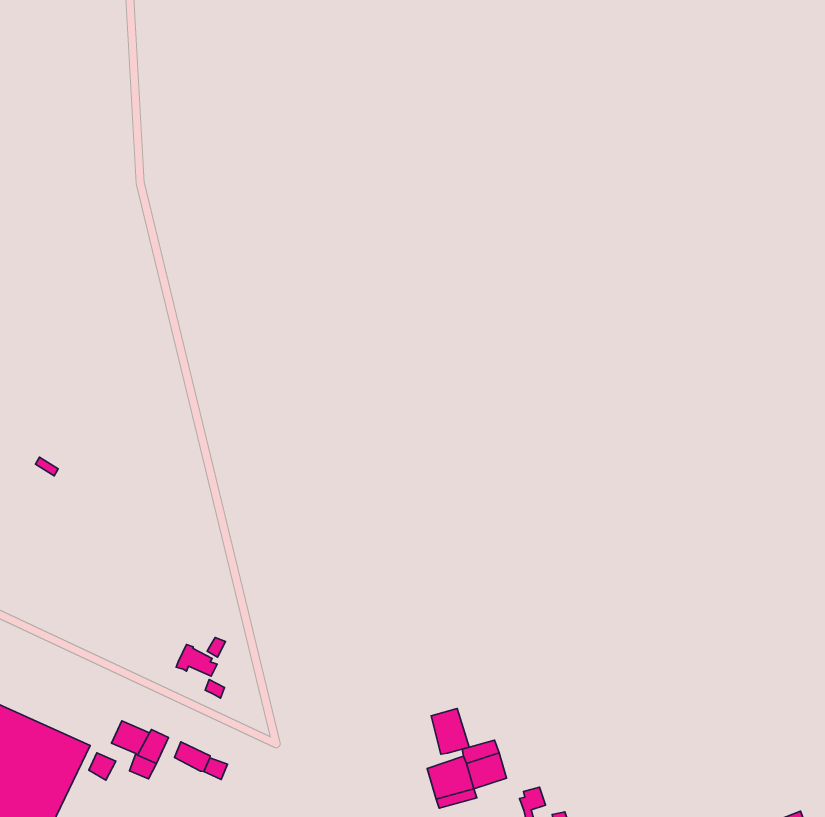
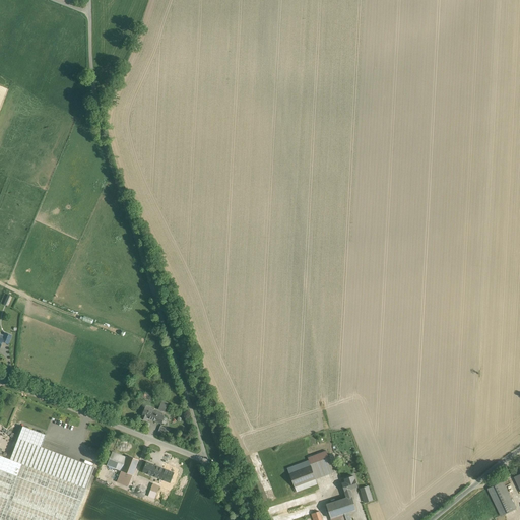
building: [431,708,469,754] -> none

